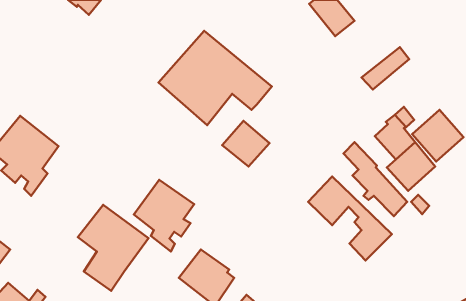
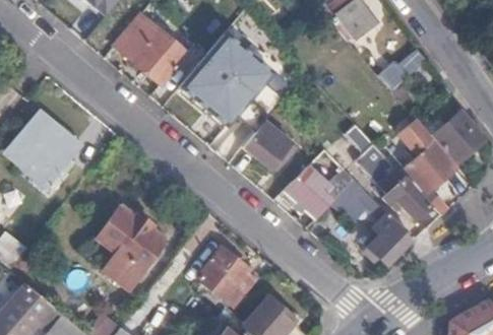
building: none -> [115,13,189,84]
building: none -> [283,164,354,218]
building: [134,180,194,252] -> none

